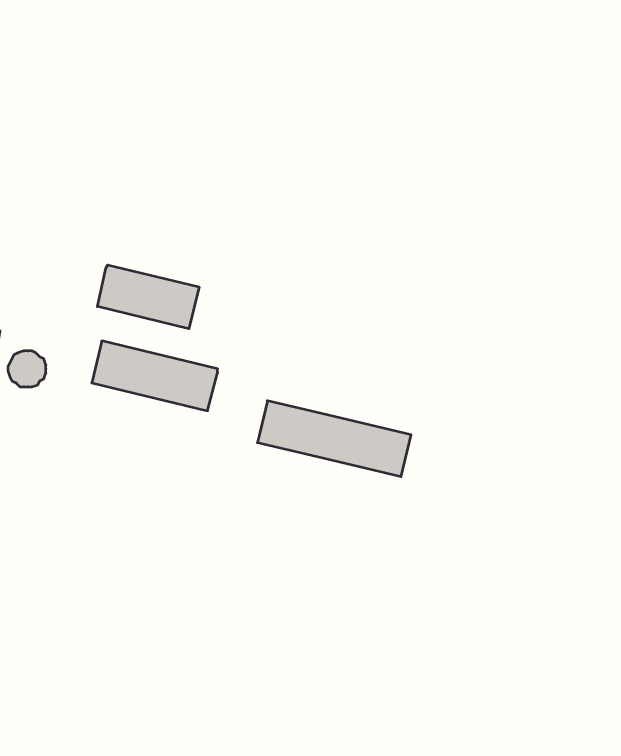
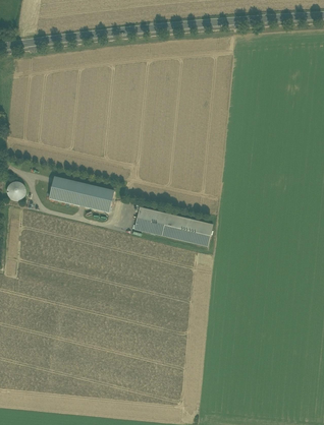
building: [97,265,199,329] -> none

